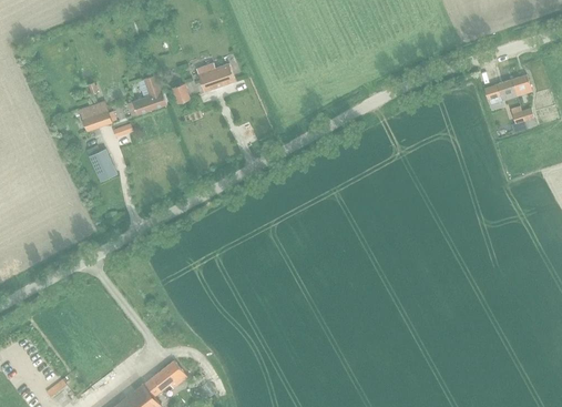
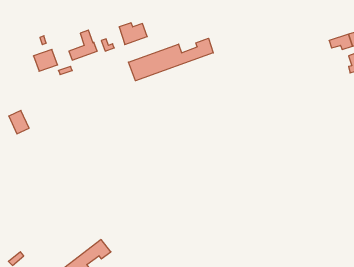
building: none -> [128,38,213,81]
building: [89,149,116,181] -> [9,110,29,134]

